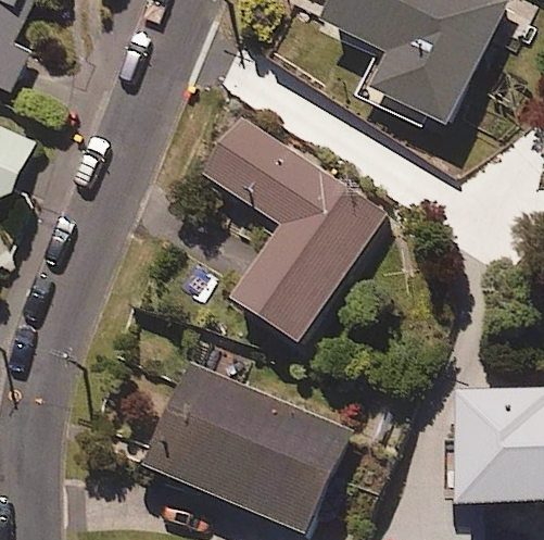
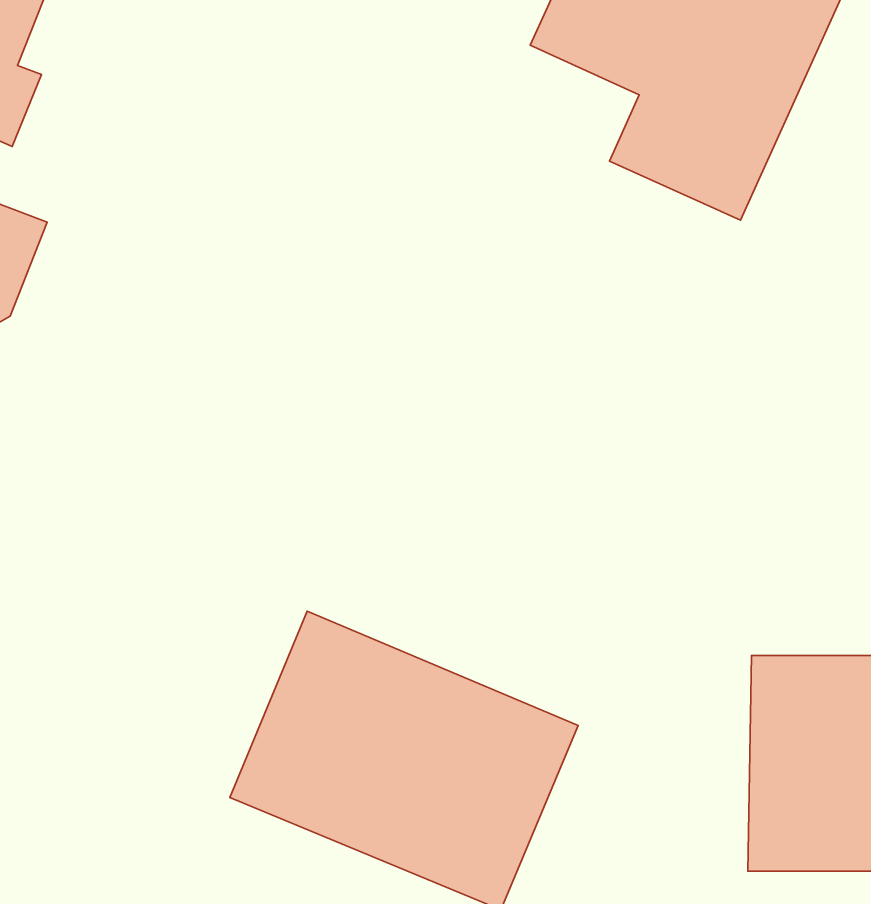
building: [205,121,383,349] -> none

